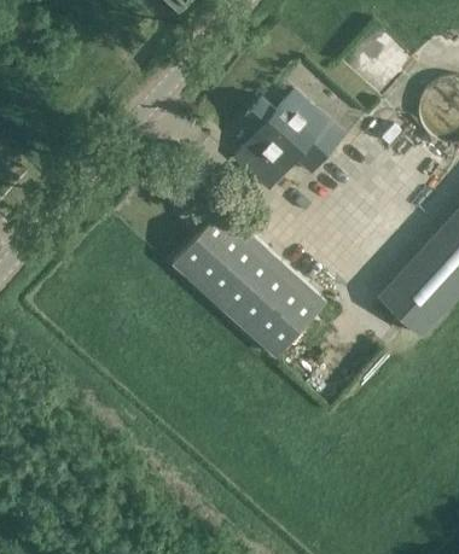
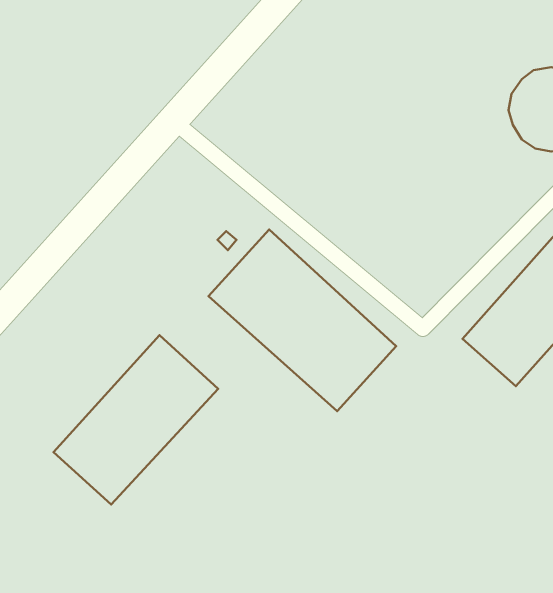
building: [232,92,343,191] -> none
building: none -> [54,335,218,505]

